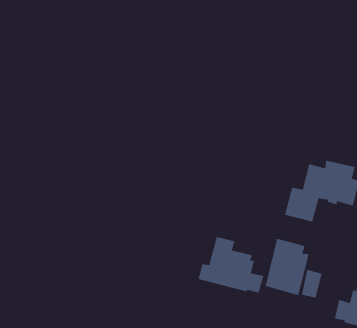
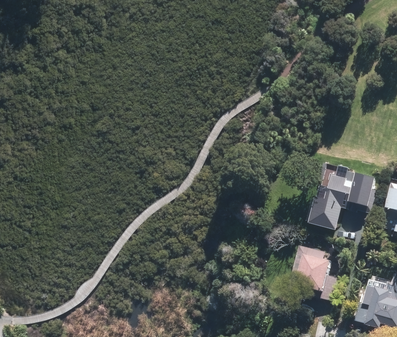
building: [198,236,264,293] -> none

